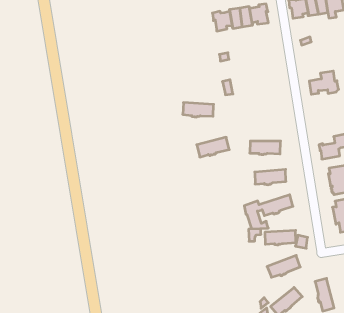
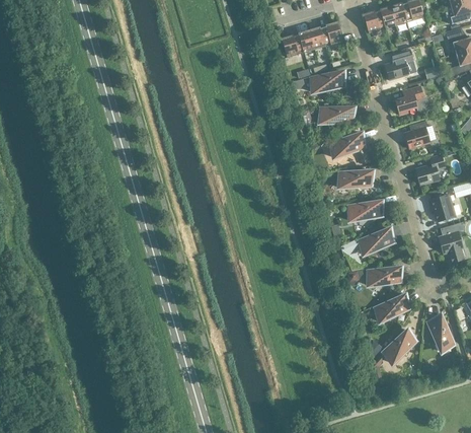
building: none -> [384,49,413,79]
building: none -> [310,70,345,91]
building: none -> [404,120,429,148]
building: [183,103,214,117] -> [319,106,354,123]
building: [197,137,229,157] -> [329,132,366,157]

